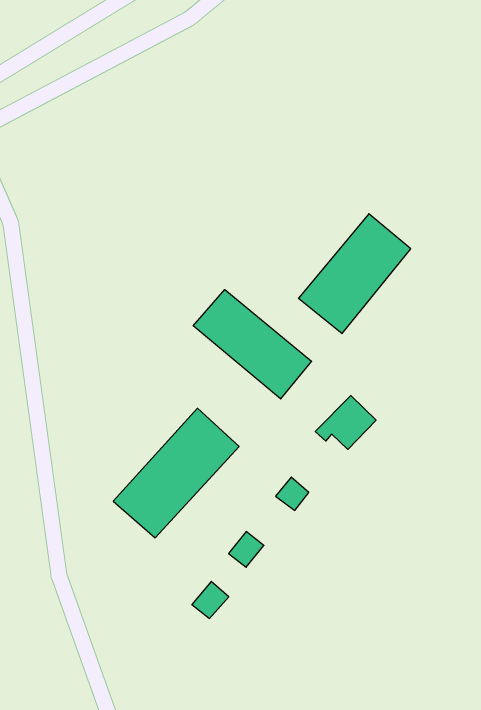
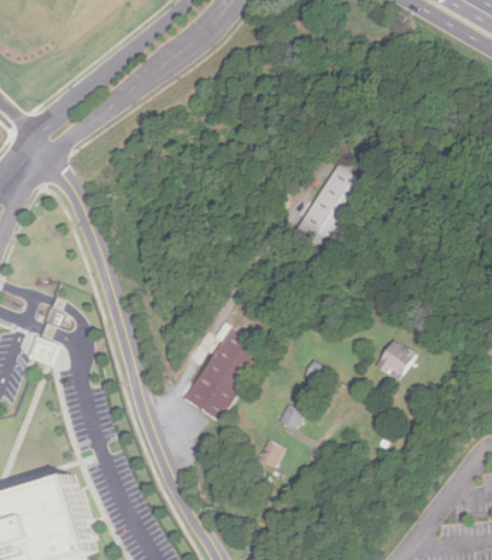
building: [193,290,312,399] -> none
building: [315,396,376,449] -> [374,337,415,375]

